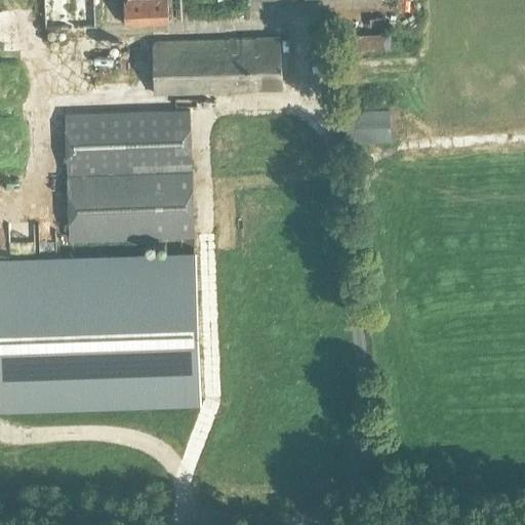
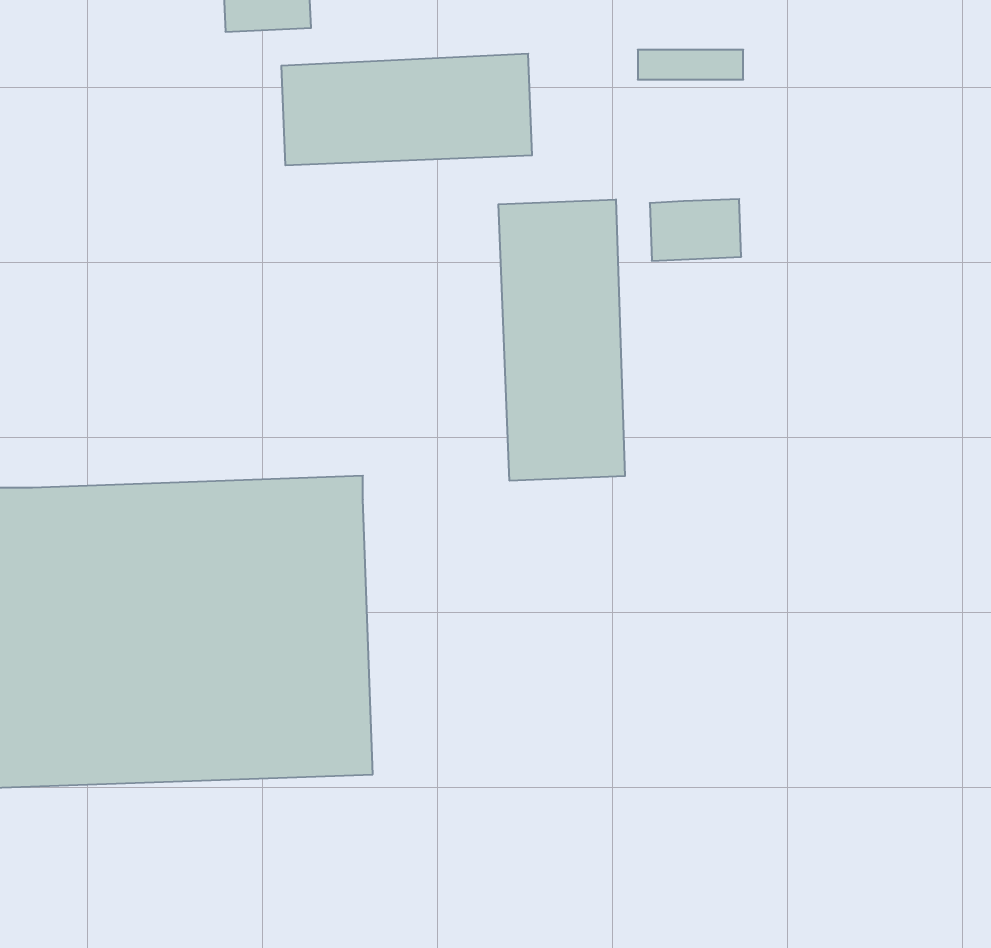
building: [67,111,195,240] -> none
building: none -> [498,199,625,481]

